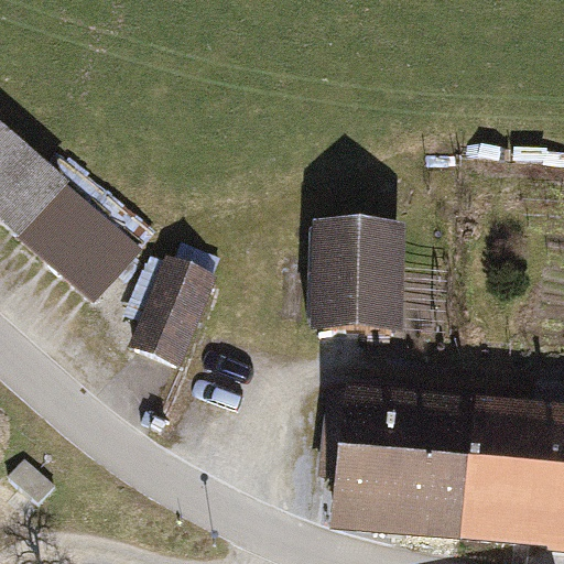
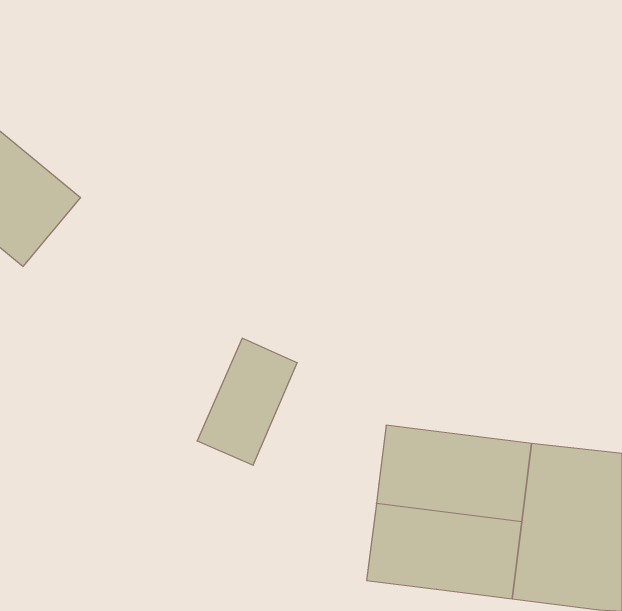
building: [21,178,145,301] -> none
building: [308,224,404,330] -> none
building: [127,250,217,365] -> [197,338,297,465]

